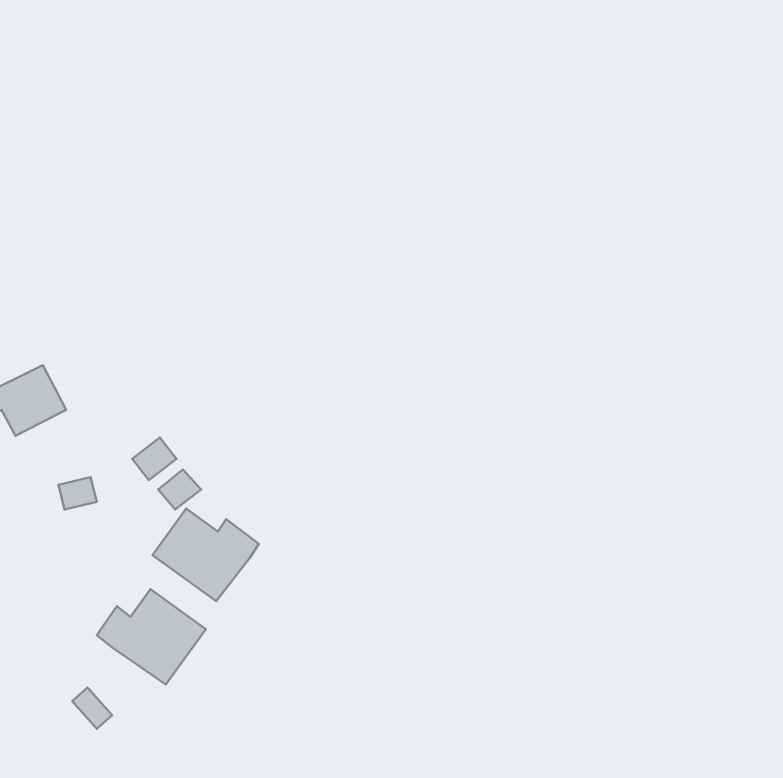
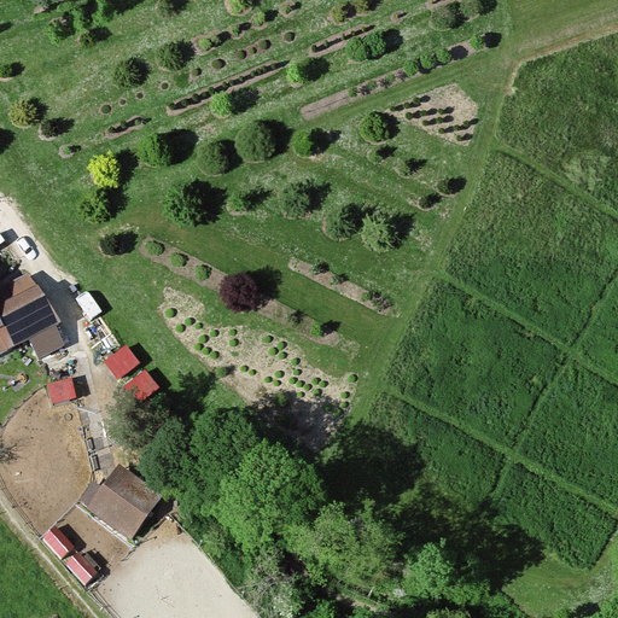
building: [152,509,259,601] -> none

